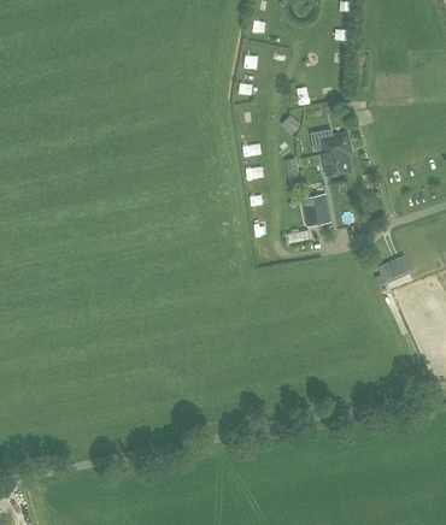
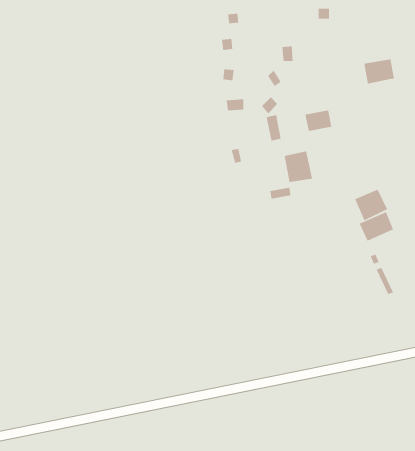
building: [319,132,351,158] -> [363,59,395,84]
building: none -> [355,189,388,221]

